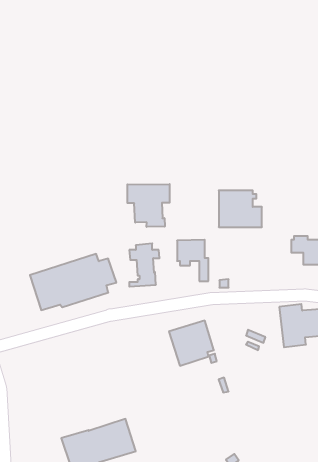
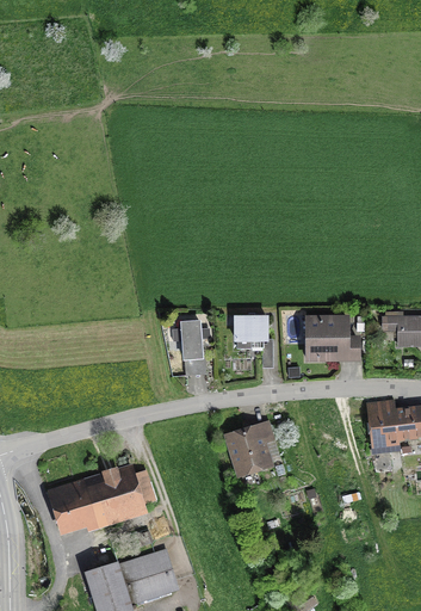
building: [127,184,170,227] -> none
building: [219,190,262,227] -> [304,315,360,363]
building: [30,254,116,310] -> [45,463,157,536]

